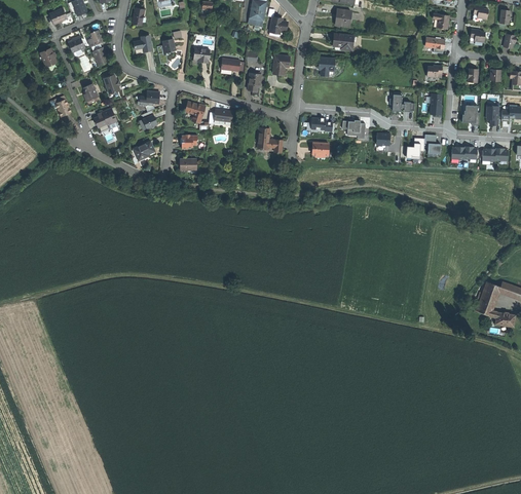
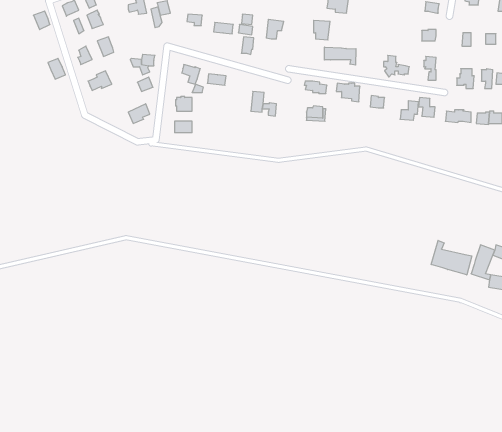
building: none -> [324,47,356,65]
building: none -> [431,240,472,275]

